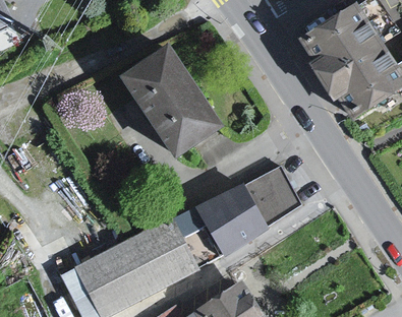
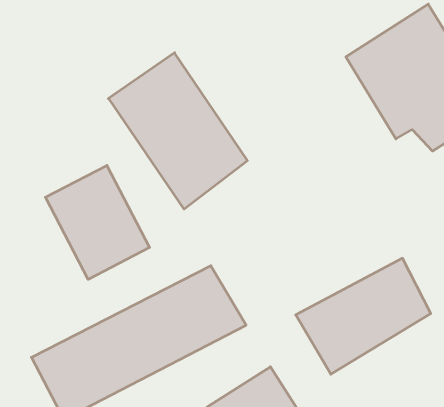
building: none -> [45,165,150,279]
building: [196,161,298,248] -> [296,258,431,374]

